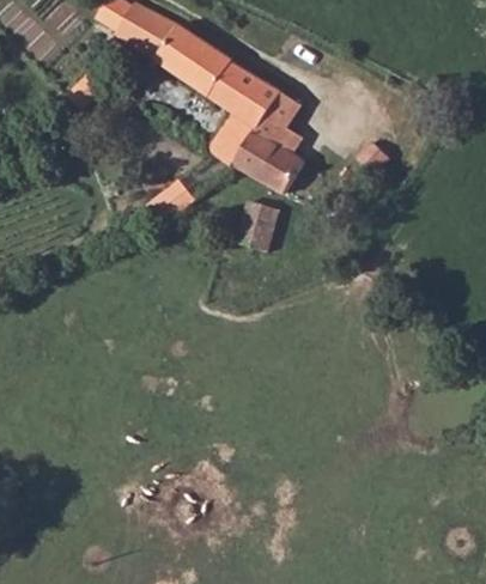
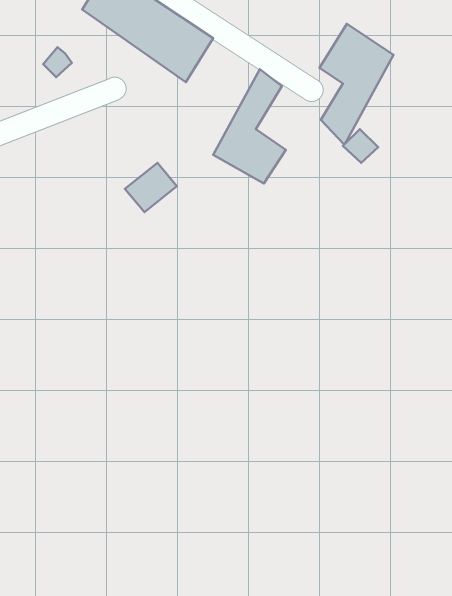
building: [209,59,278,170] -> [320,24,394,145]
building: [238,205,278,253] -> none

